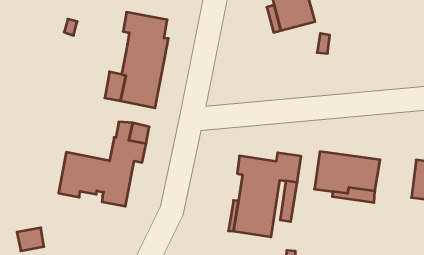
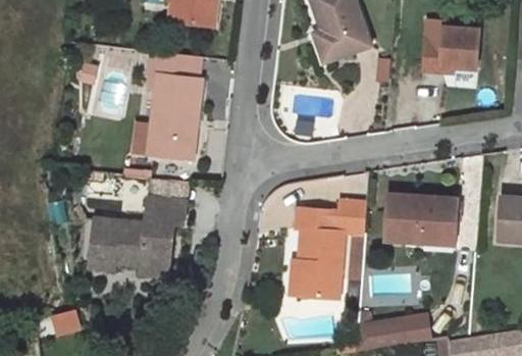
building: none -> [422,28,479,70]

